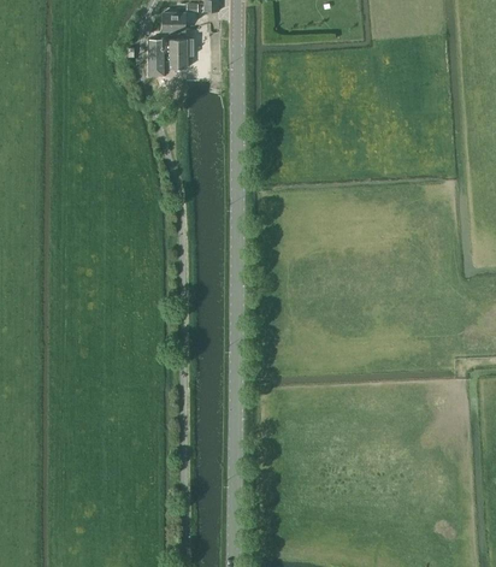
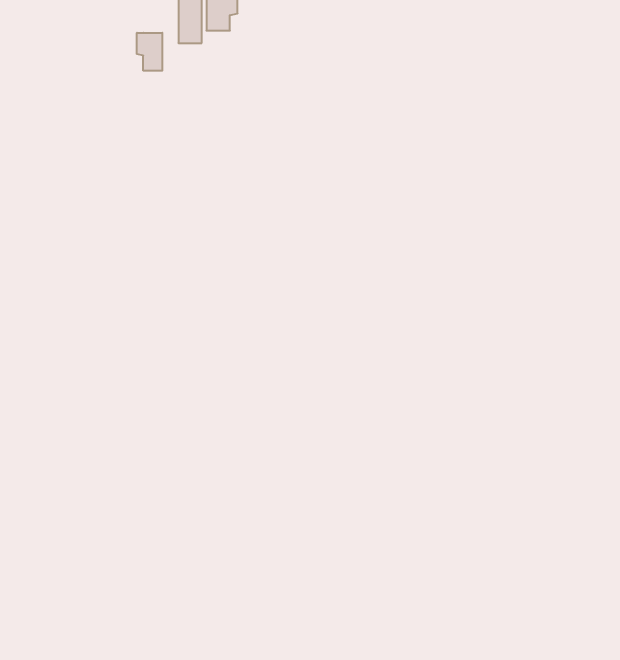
building: none -> [137,33,162,71]

